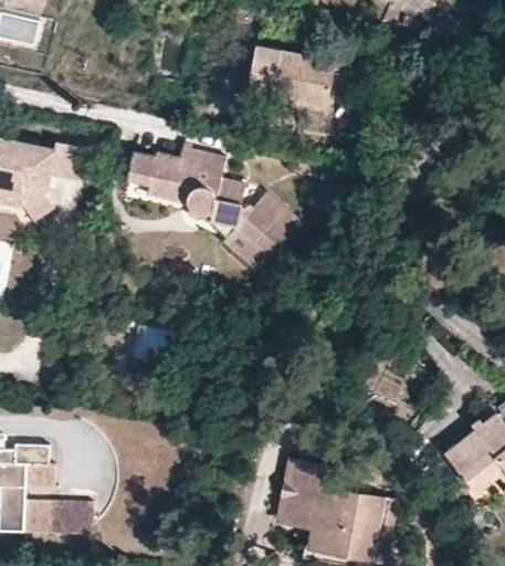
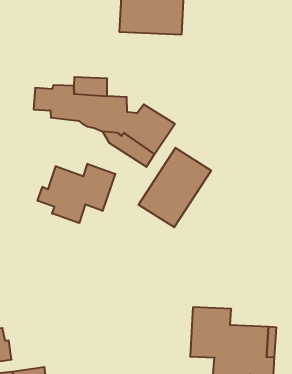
building: none -> [139,148,211,227]
building: none -> [38,164,115,223]

